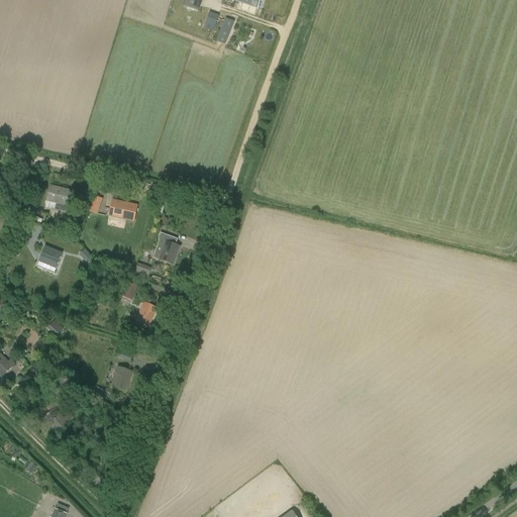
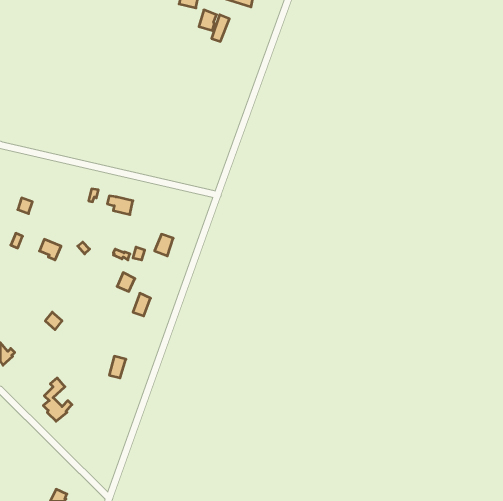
building: [44,187,70,211] -> none

